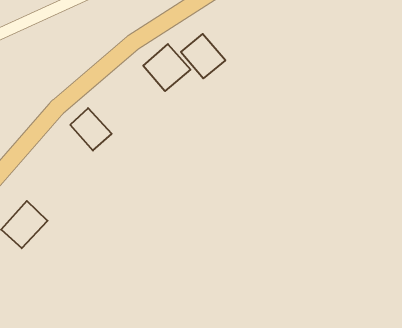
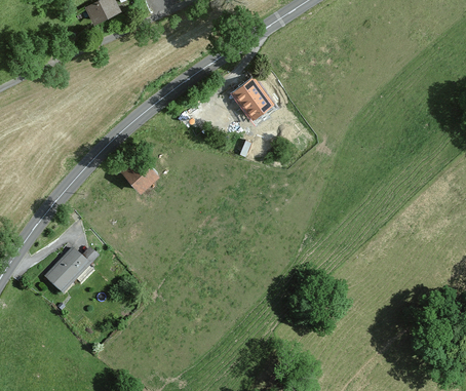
building: [143,44,190,91] -> none

